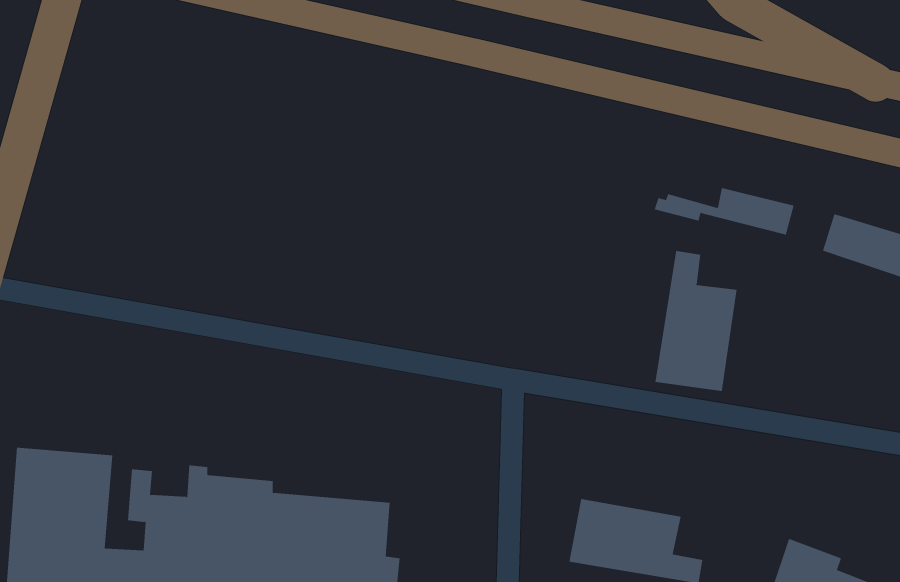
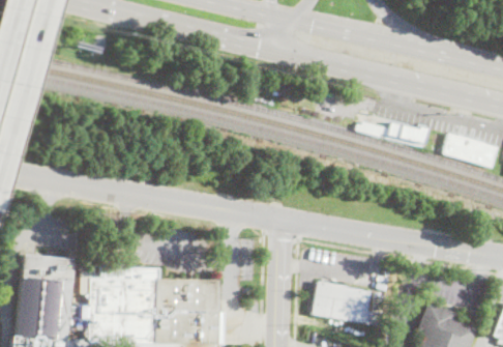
building: [655,250,737,392] -> none

